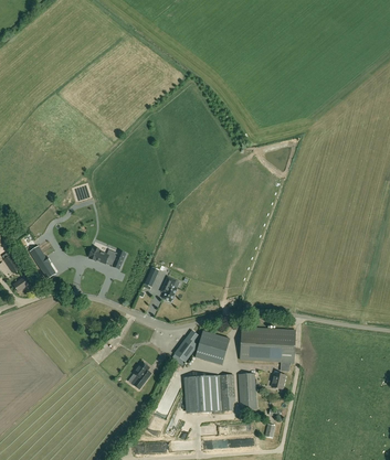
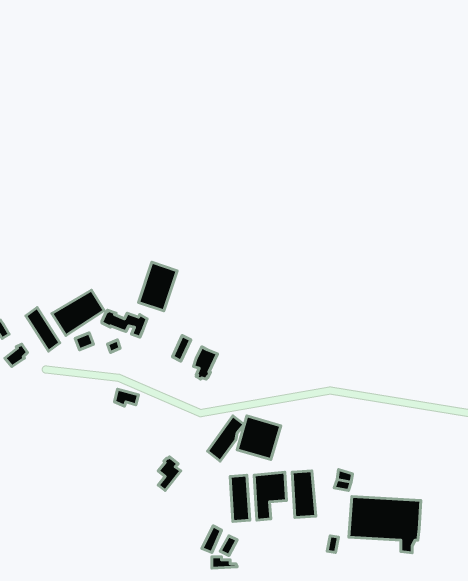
building: none -> [138,262,177,311]
building: none -> [52,290,104,335]
building: [239,328,295,372] -> [349,496,421,553]

